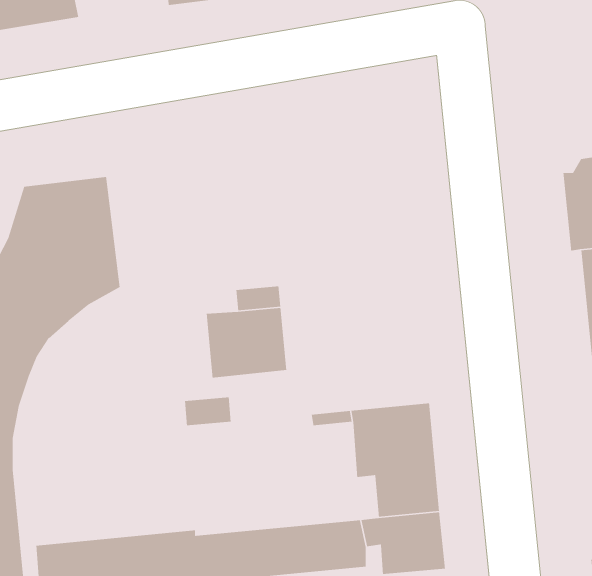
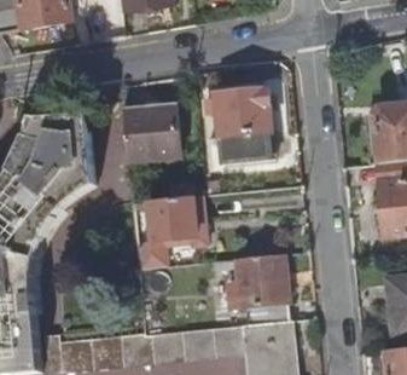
building: none -> [217,90,277,165]
building: none -> [123,105,180,161]

